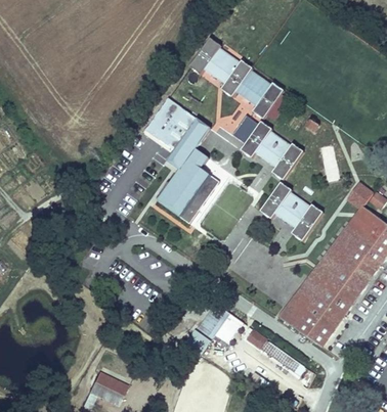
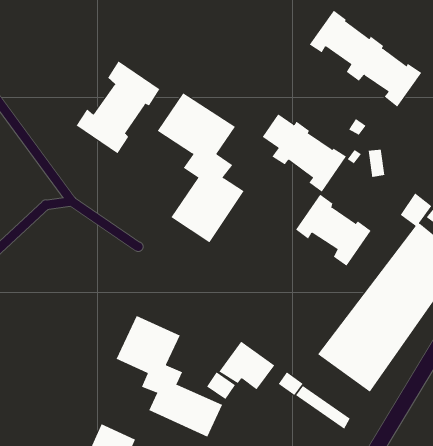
building: [190,39,285,120] -> [309,10,422,108]
building: none -> [76,60,160,154]
building: none -> [116,315,223,437]

